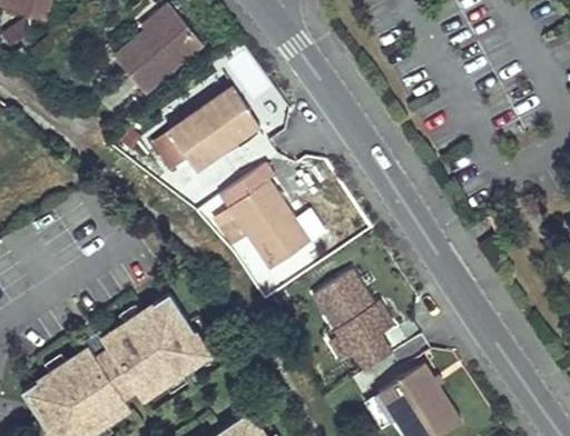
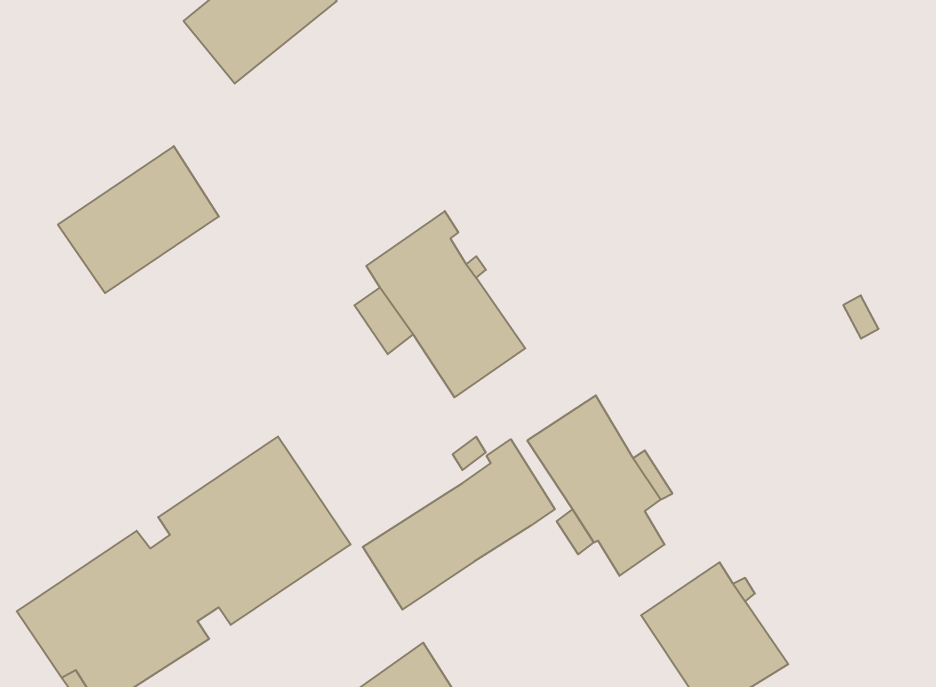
building: [167,85,258,168] -> [58,146,219,293]
building: none -> [363,439,555,610]

